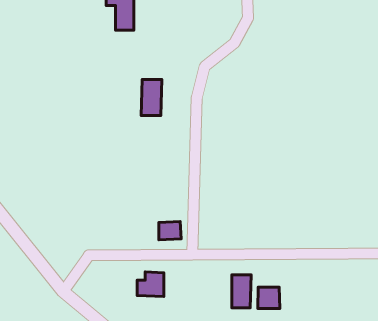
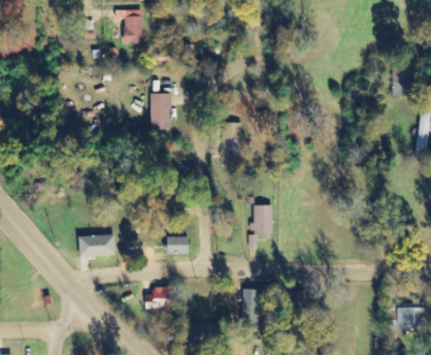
building: none -> [247,204,272,248]
building: none -> [78,234,115,256]
building: [258,287,280,309] -> none

